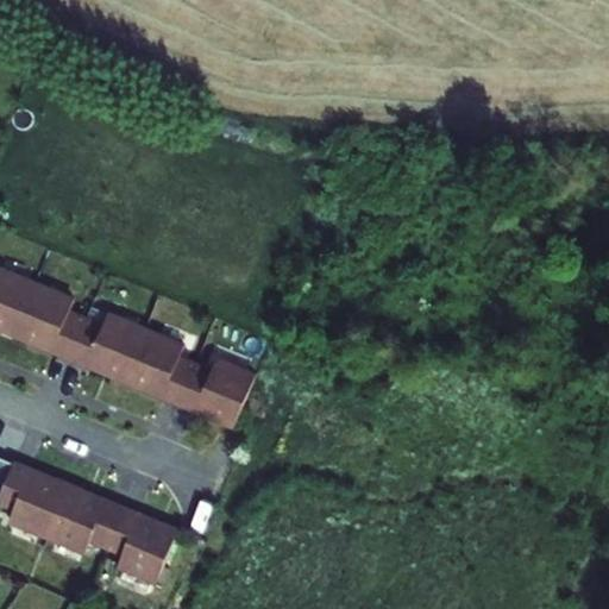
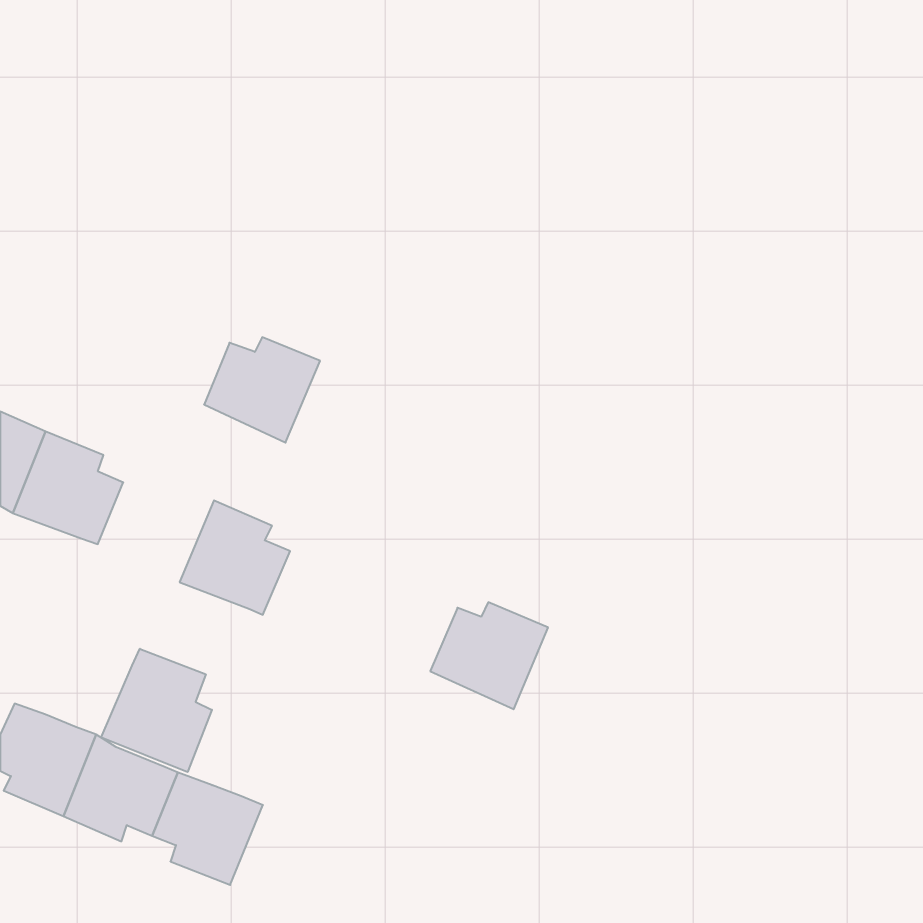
building: [67,313,143,382] -> [204,337,320,443]
building: [175,358,252,428] -> [430,602,548,709]
building: none -> [101,649,212,772]

